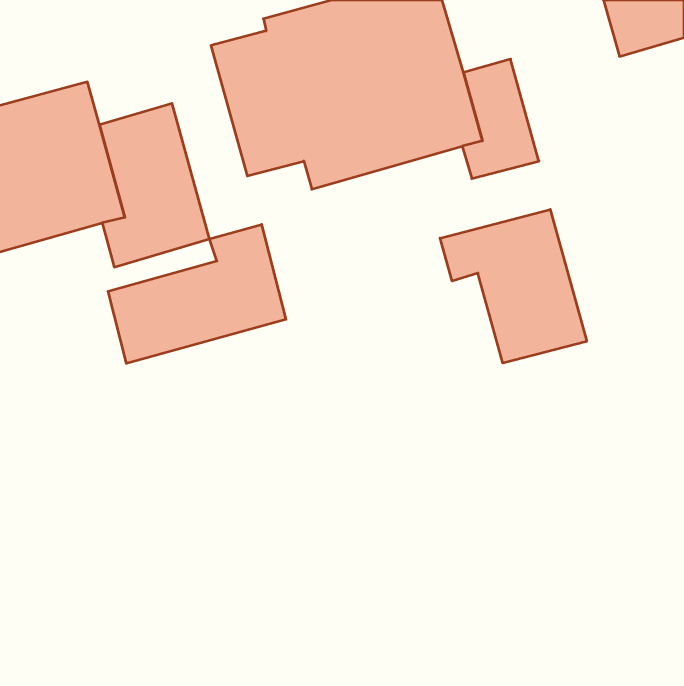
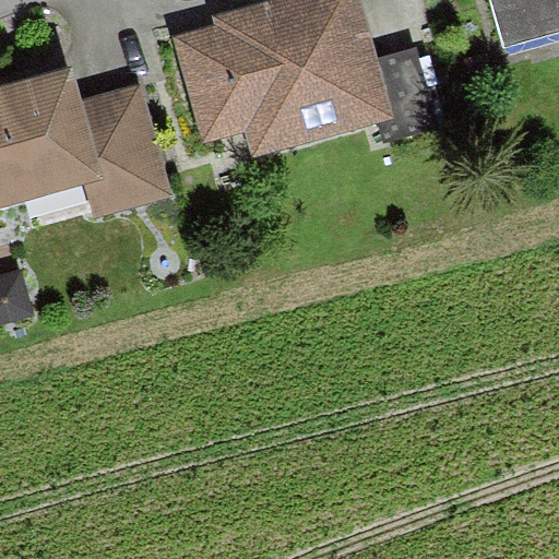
building: [440,209,587,363] -> none
building: [108,224,286,363] -> none

